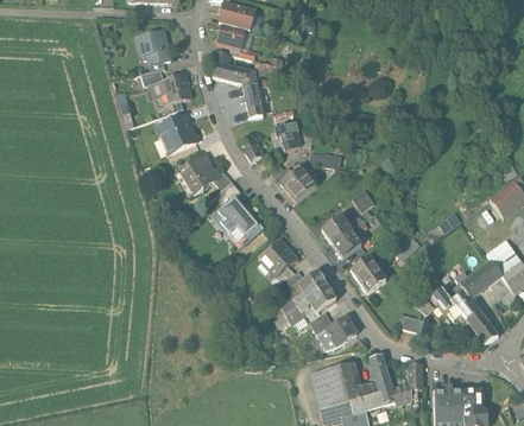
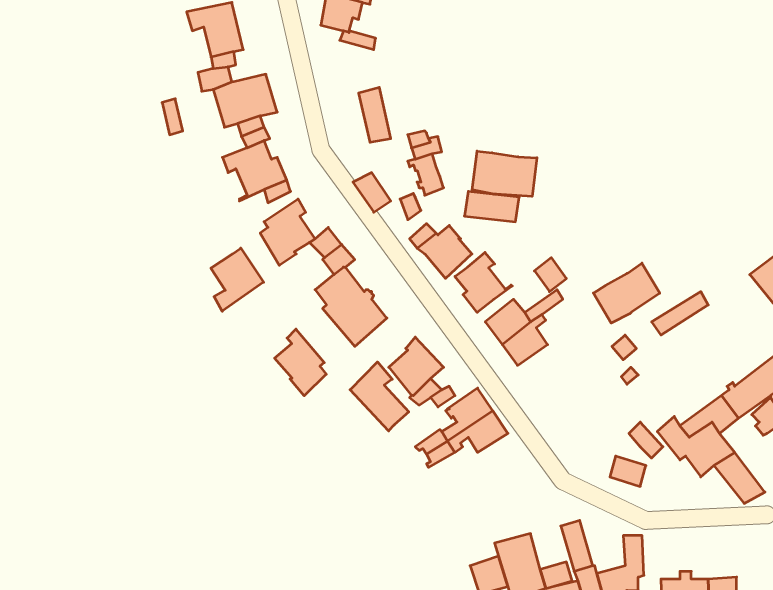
building: [213,62,255,85] -> none
building: none -> [472,151,537,196]
building: none -> [211,248,264,311]
building: none -> [455,252,512,312]
building: none -> [593,263,660,323]
building: none -> [275,329,326,396]
building: none -> [350,362,409,431]
building: [352,256,386,292] -> none
building: [317,314,356,348] -> none

